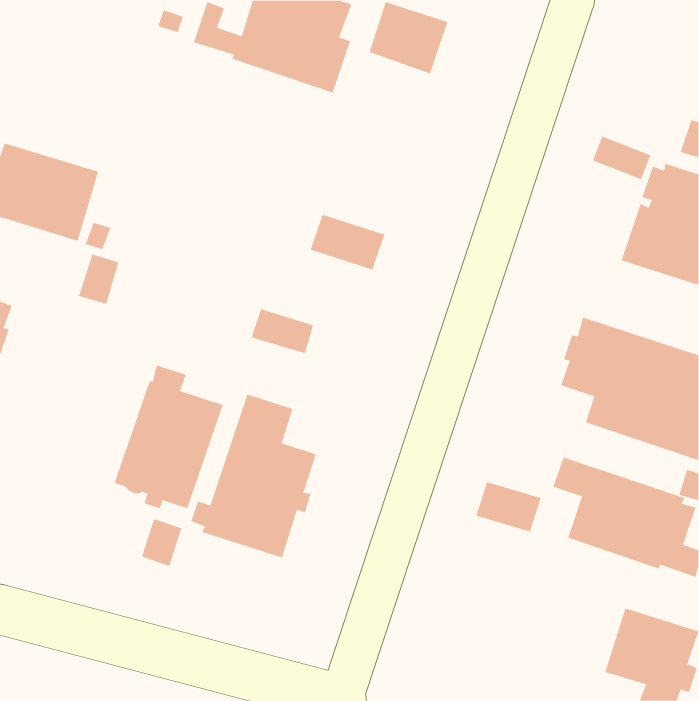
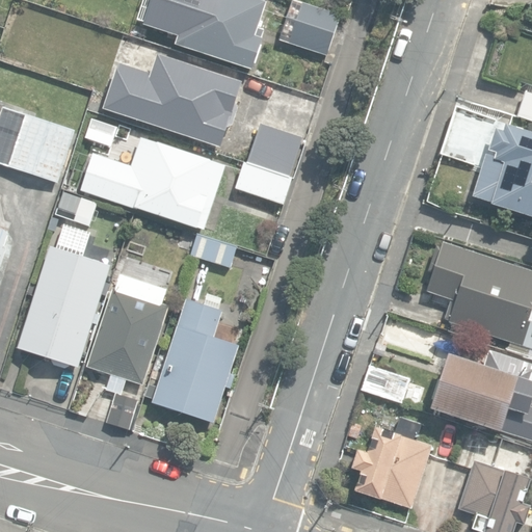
building: none -> [103,54,242,148]
building: none -> [247,125,302,177]
building: none -> [81,137,228,232]
building: none -> [18,246,110,367]
building: none -> [352,417,431,509]

